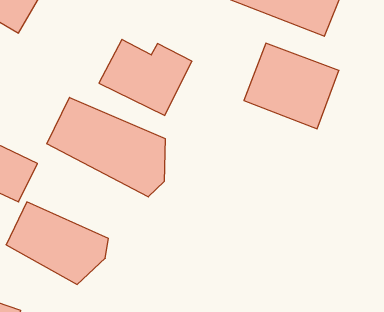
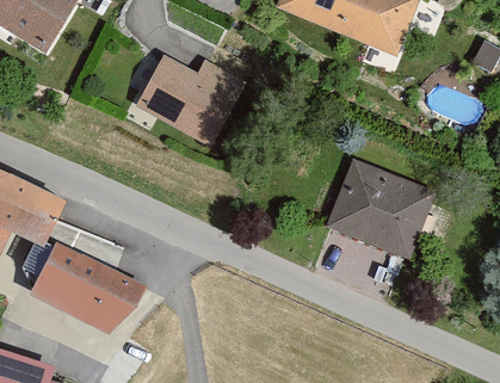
building: [244,43,339,129] -> [327,157,436,255]
building: [47,97,165,197] -> none

